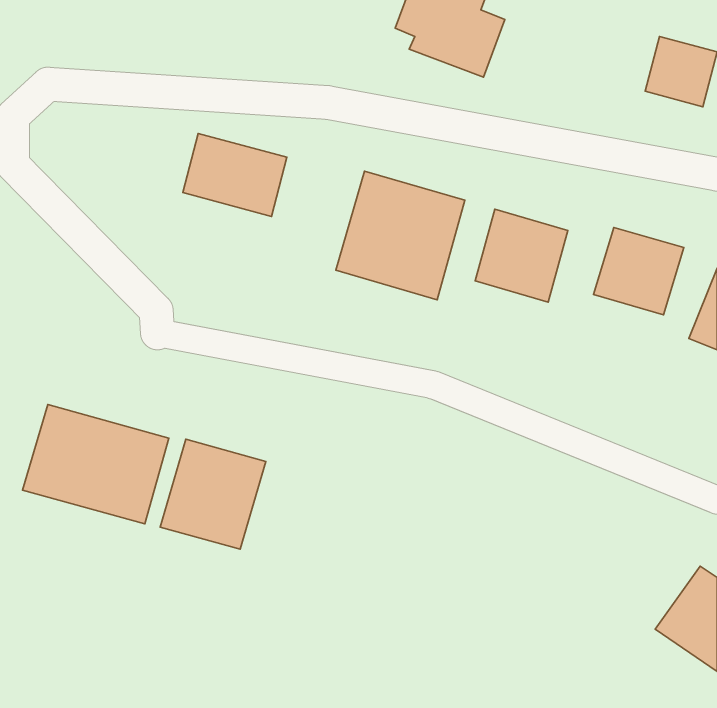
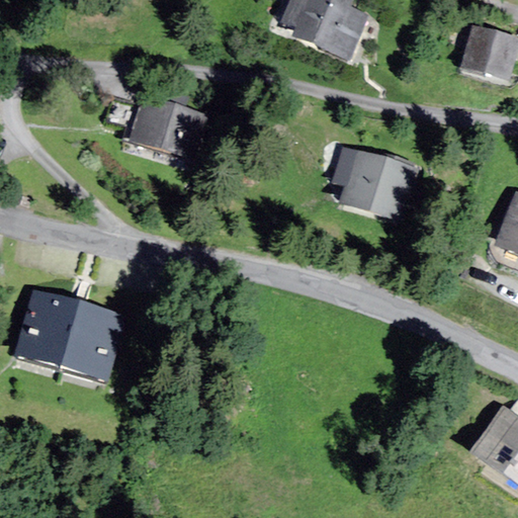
building: [336,171,465,300] -> none
building: [593,227,684,315] -> none
building: [160,439,266,549] -> none

